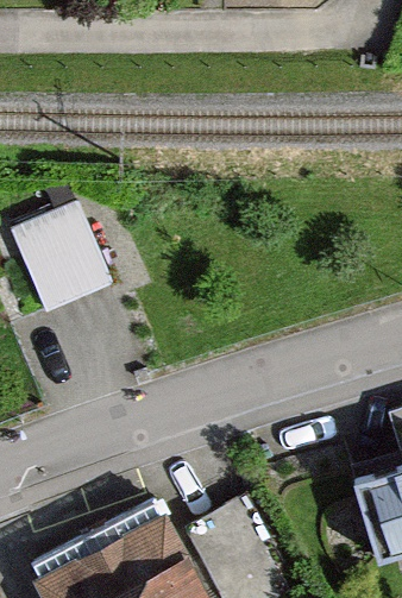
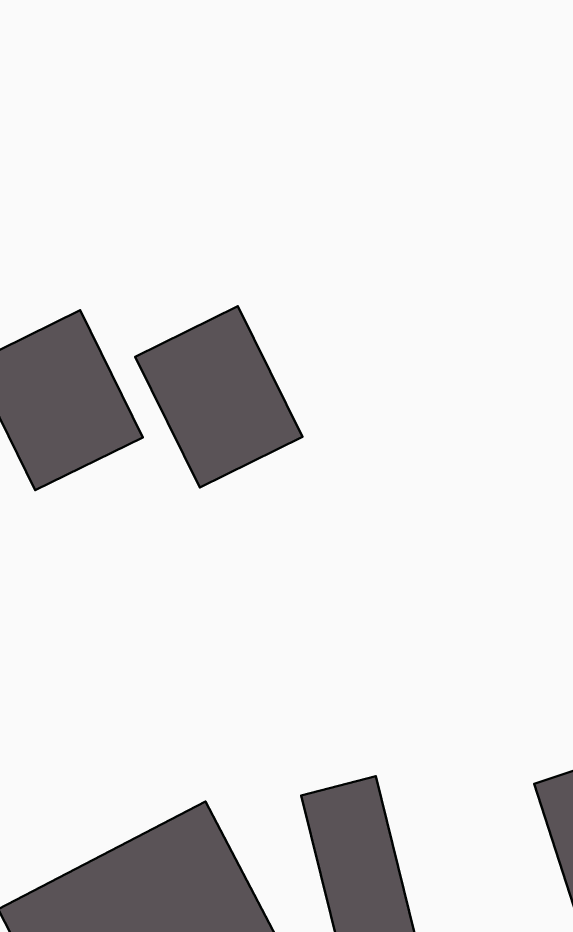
building: none -> [135,306,302,487]

